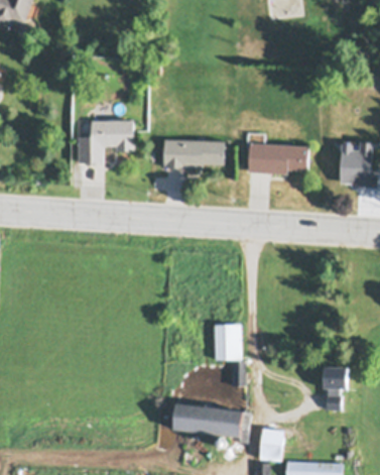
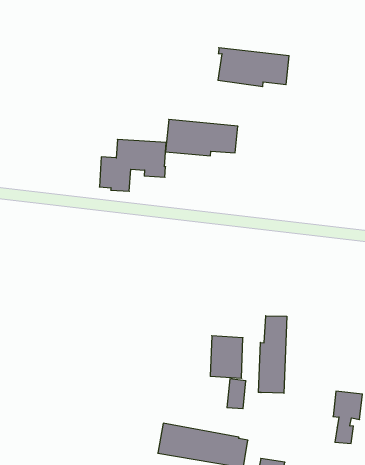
building: [79,120,135,164] -> [99,139,166,191]
building: [247,143,308,174] -> [218,48,289,87]
building: none -> [258,316,287,393]

